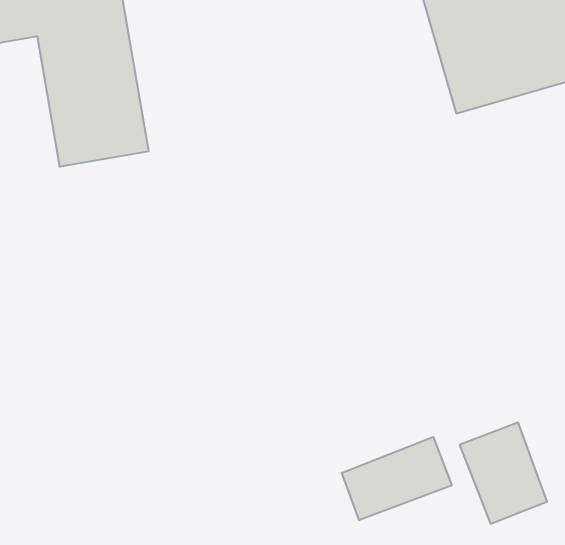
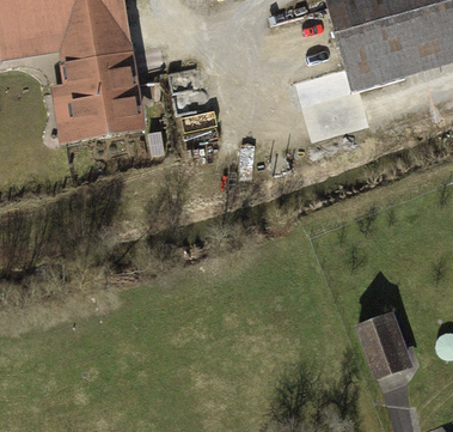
building: [342,437,452,520] -> none

